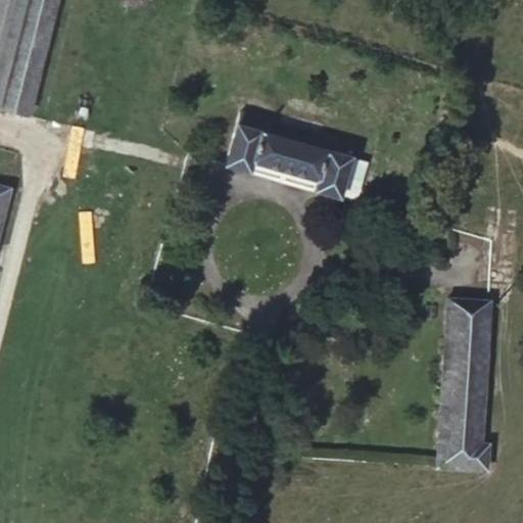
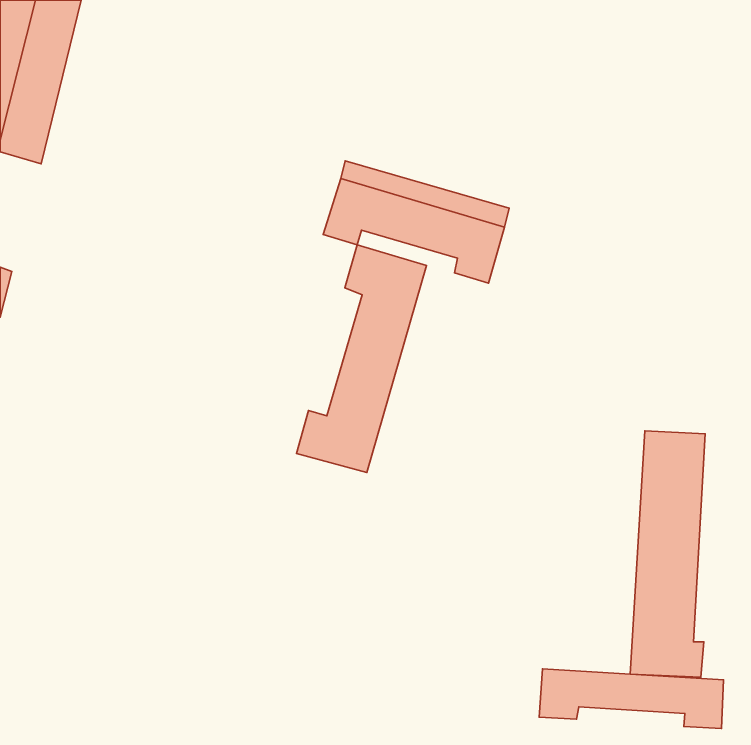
building: none -> [296,245,426,473]
building: none -> [539,669,723,728]

